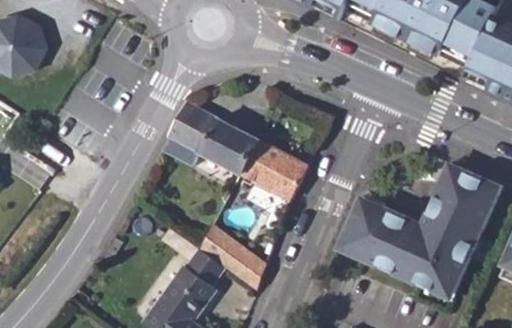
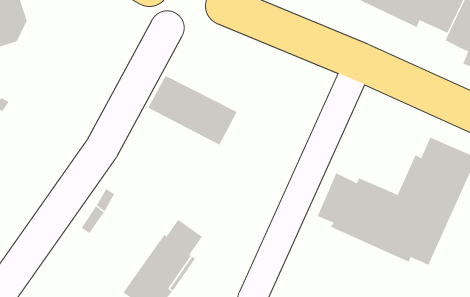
building: [241,139,309,199] -> none
building: [199,224,267,289] -> none

